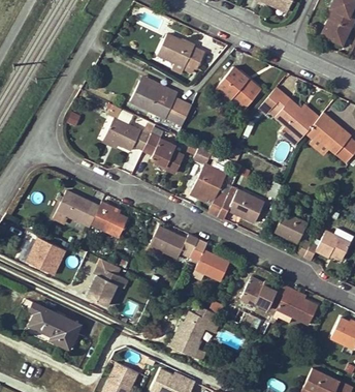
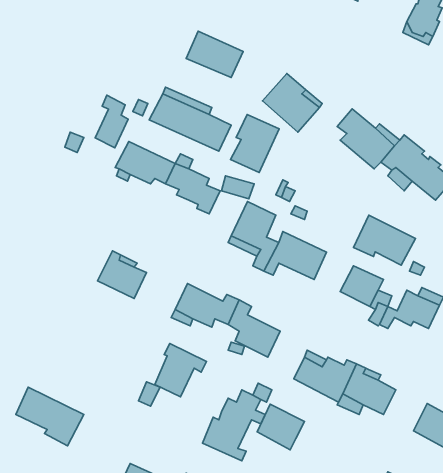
building: none -> [95,95,128,148]
building: none -> [231,115,279,173]
building: none -> [354,215,415,265]
building: [57,191,99,227] -> none
building: [26,239,65,275] -> none
building: [87,266,126,306] -> [155,344,207,397]
building: none -> [257,404,304,450]

